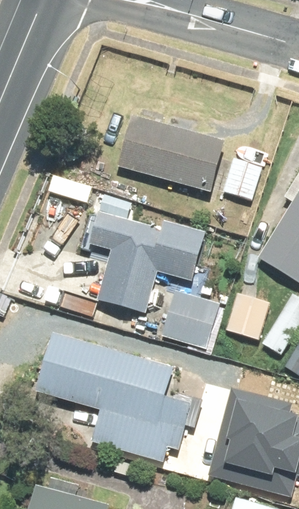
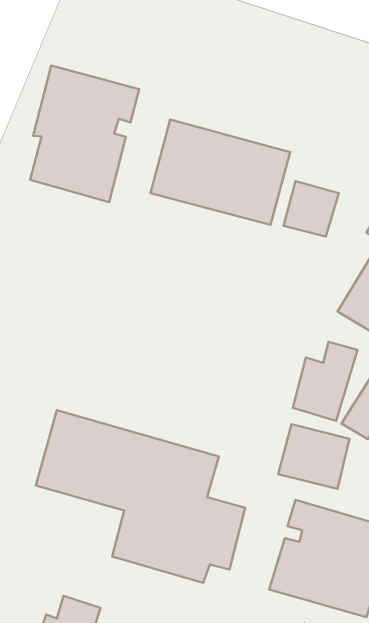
building: none -> [30,66,139,202]
building: [91,211,206,313] -> none
building: [166,289,220,338] -> [278,424,349,489]

